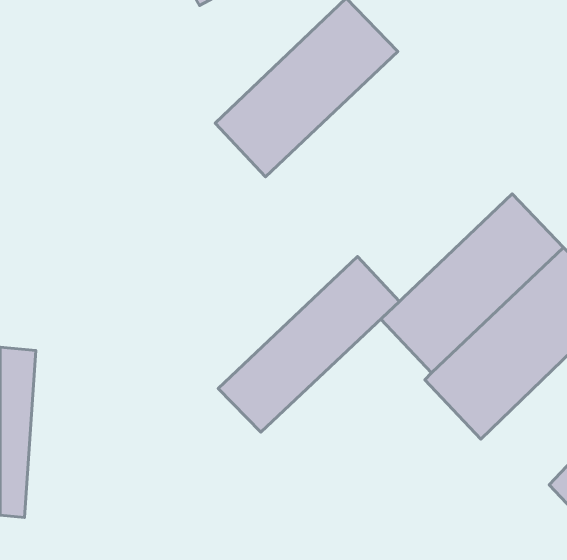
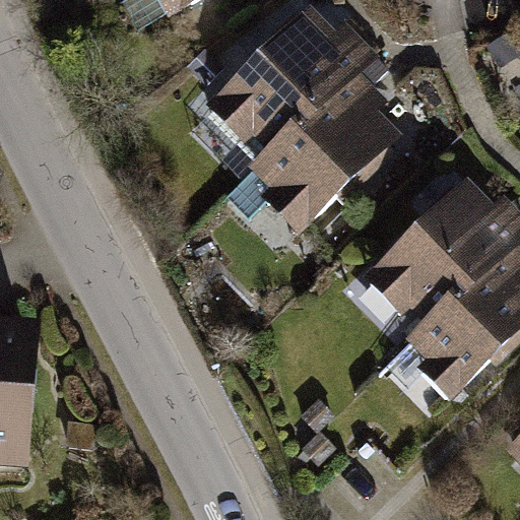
building: none -> [239,47,417,220]
building: [218,256,400,432] -> none

